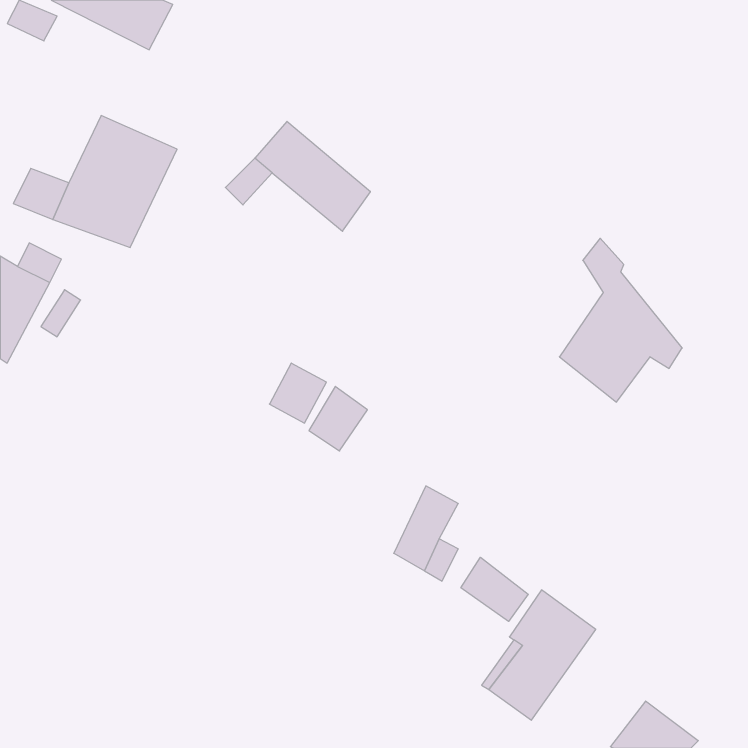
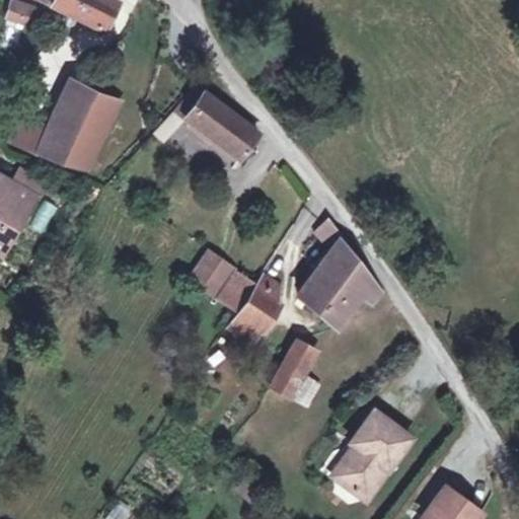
building: [559,238,682,402] -> [299,215,384,328]
building: none -> [230,274,283,339]
building: [461,557,528,621] -> none

